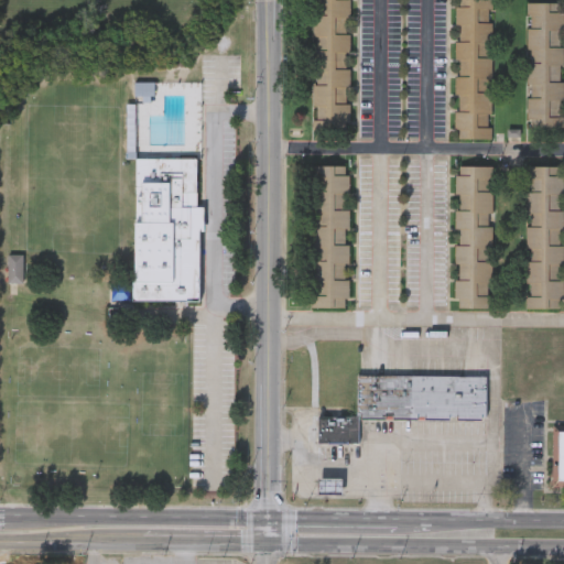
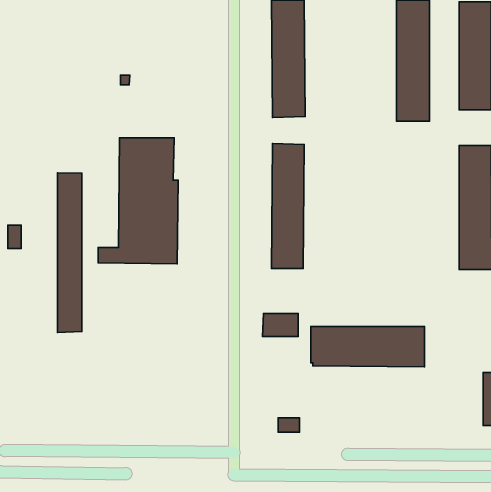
building: [455,165,494,308] -> none
building: none -> [58,173,82,332]
building: [318,415,359,442] -> [263,313,298,336]

